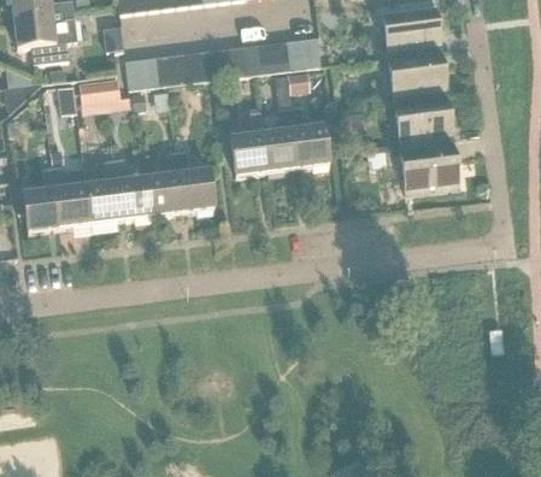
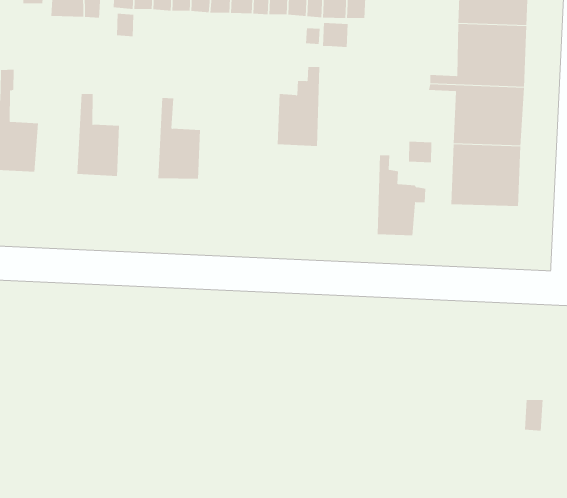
building: [290,106,331,167] -> [377,155,426,236]
building: [230,111,267,176] -> none
building: [147,151,182,216] -> none
building: [86,158,120,223] -> none

